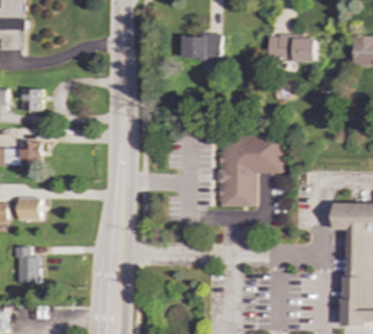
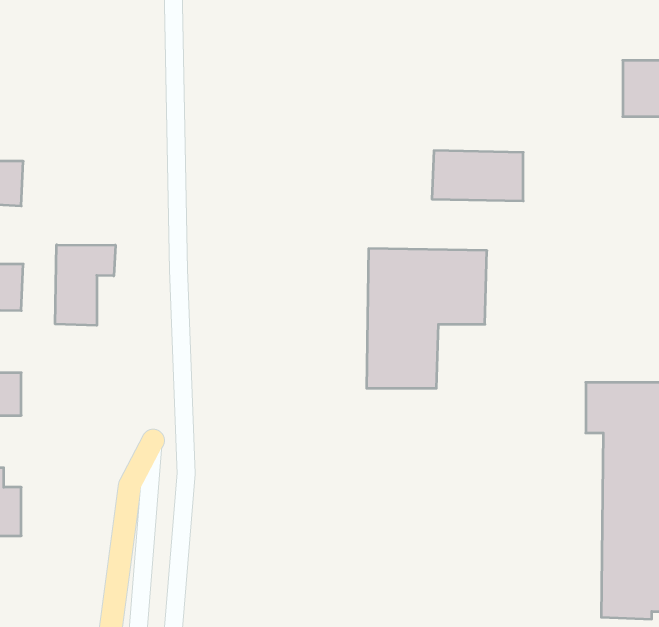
building: [182,33,221,58] -> none
building: [268,34,316,60] -> [432,151,523,201]
building: none -> [55,245,115,325]

